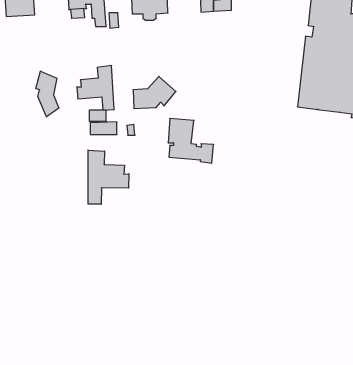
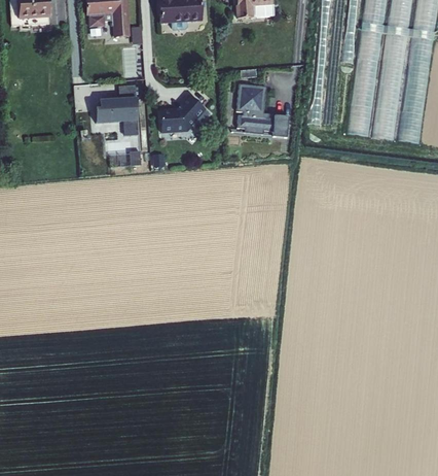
building: [36,71,59,117] -> none
building: [168,119,214,163] -> [233,84,286,136]
building: [88,150,129,204] -> none

